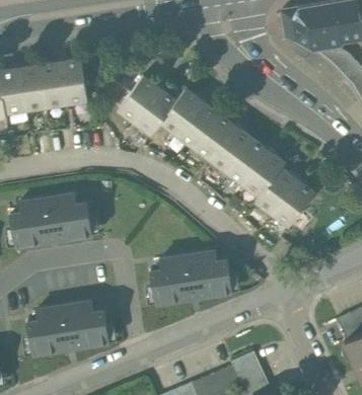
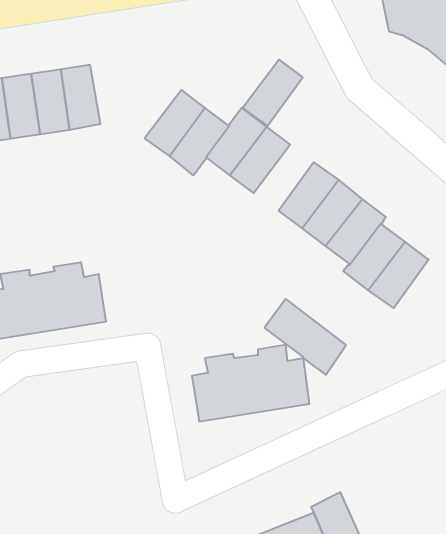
building: [193,112,234,158] -> [242,60,303,126]
building: none -> [265,299,346,375]
building: [26,301,108,353] -> none

